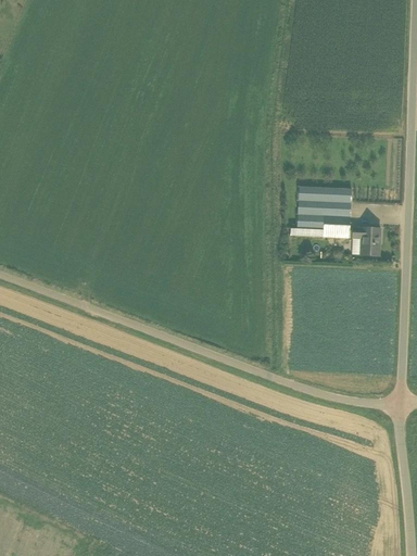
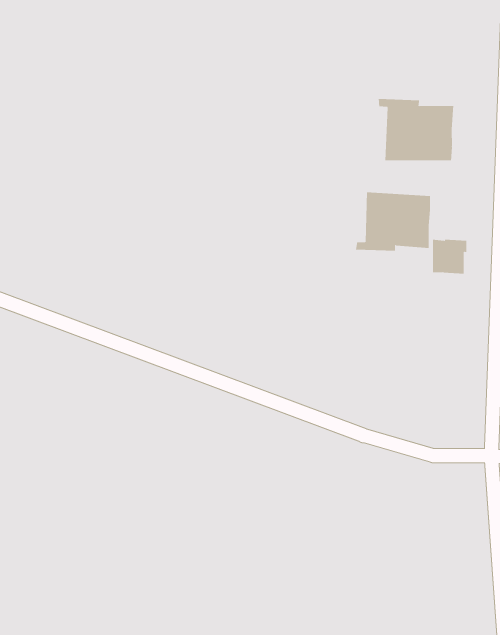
building: none -> [378,98,454,161]

